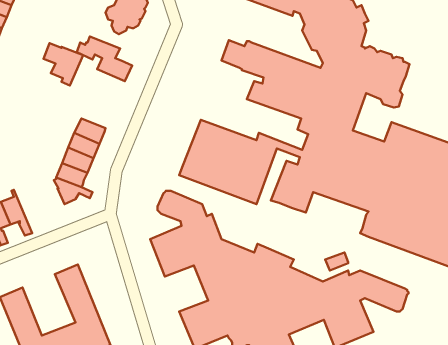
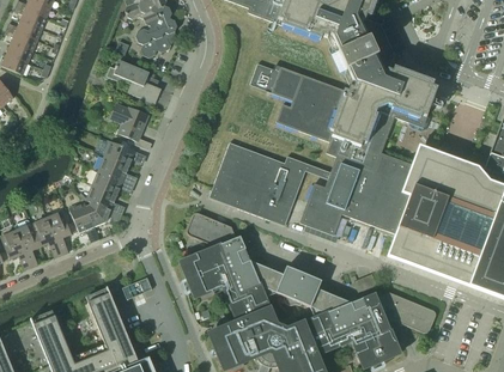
building: [43,43,83,85] -> [110,103,150,145]
building: none -> [69,202,99,243]
building: none -> [44,211,72,255]

